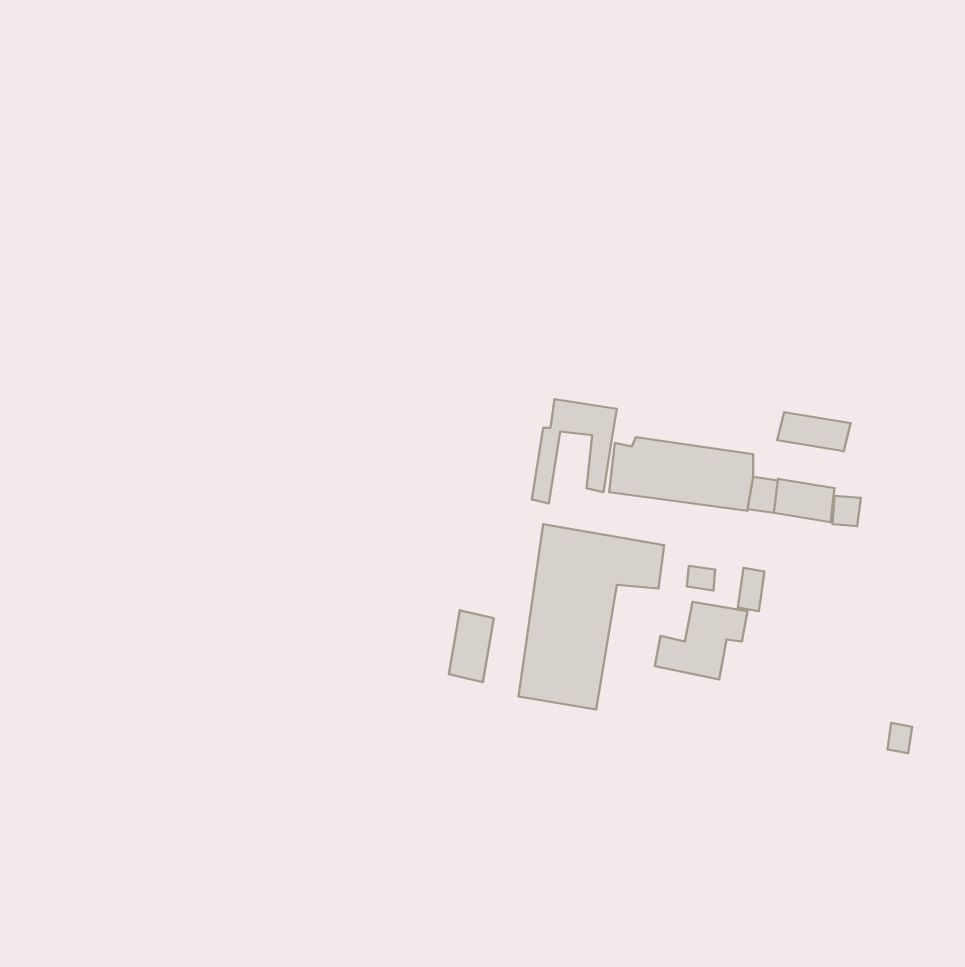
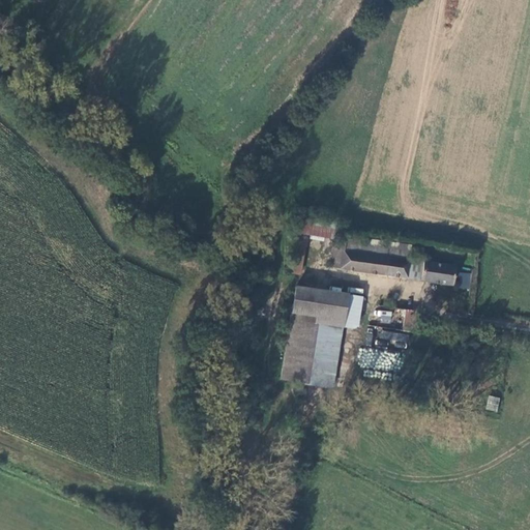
building: [777,412,851,451] -> none
building: [449,610,494,682] -> none

